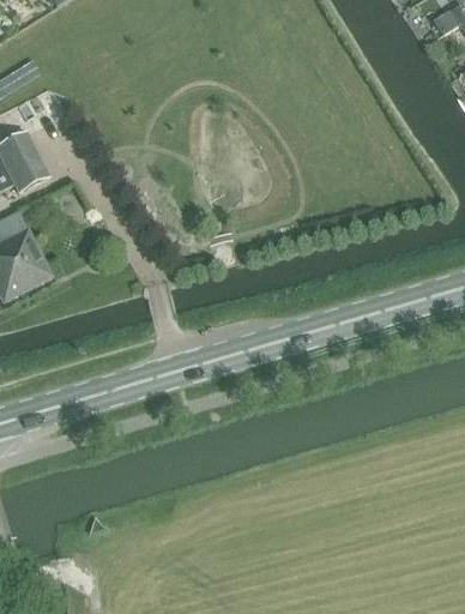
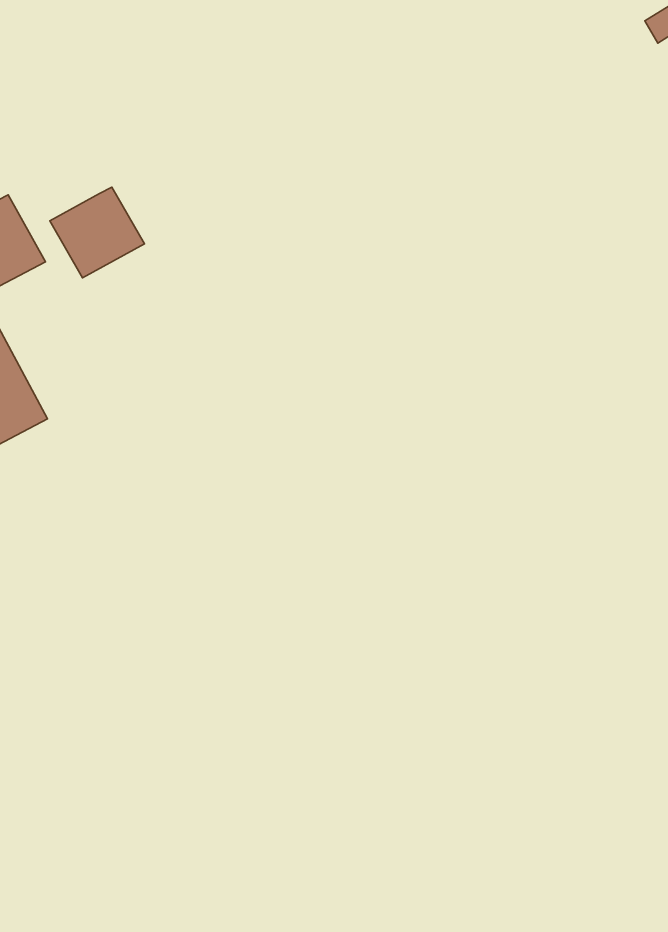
building: none -> [50,187,145,278]

